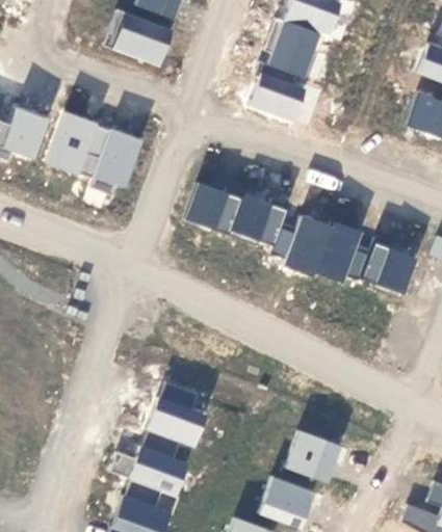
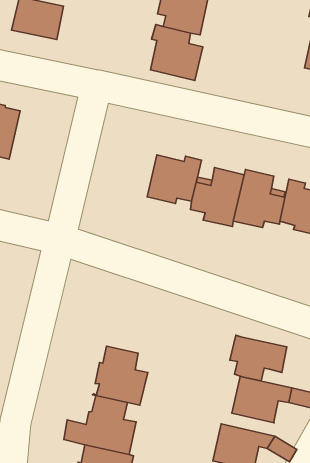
building: [88,128,141,194] -> none
building: [182,181,243,234] -> none
building: none -> [230,335,287,381]

